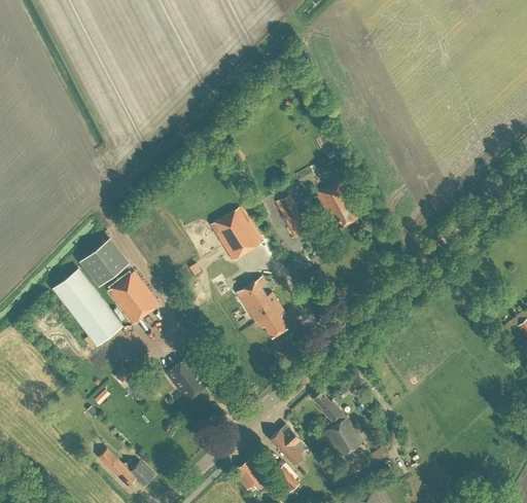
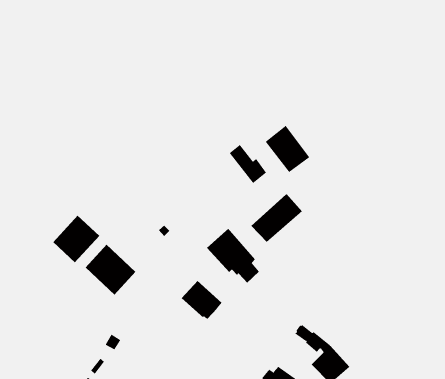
building: [210,209,260,262] -> none
building: none -> [251,193,303,243]
building: [51,266,122,346] -> none
building: [165,354,207,396] -> [181,280,222,320]

